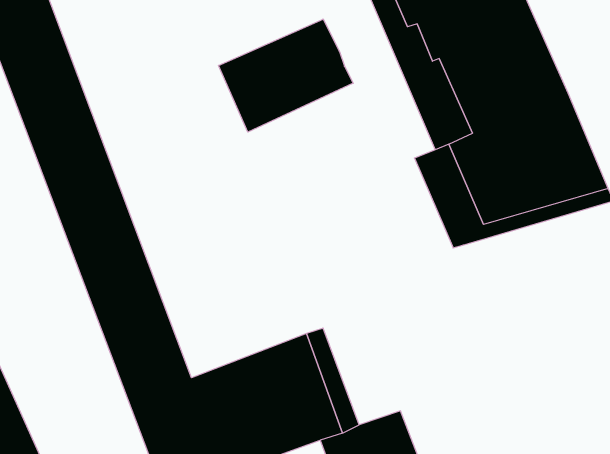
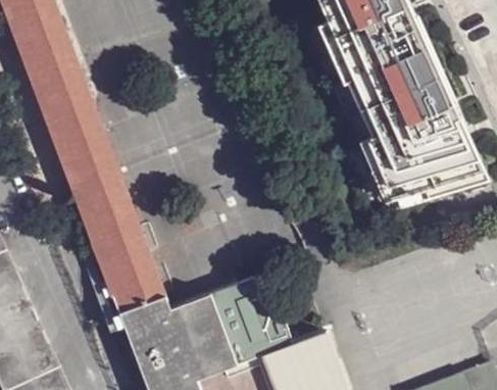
building: [219,19,353,132] -> none

